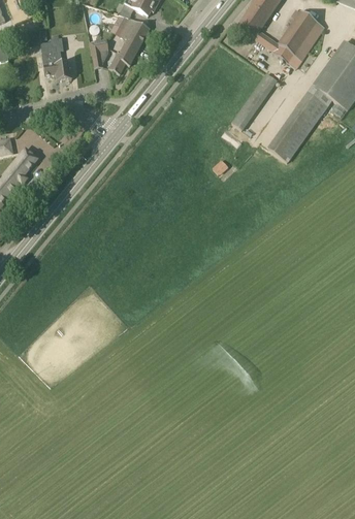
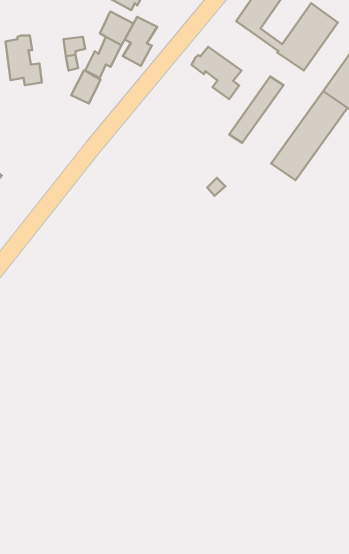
building: none -> [123,17,157,66]
building: none -> [191,47,241,99]
building: none -> [71,70,100,103]

